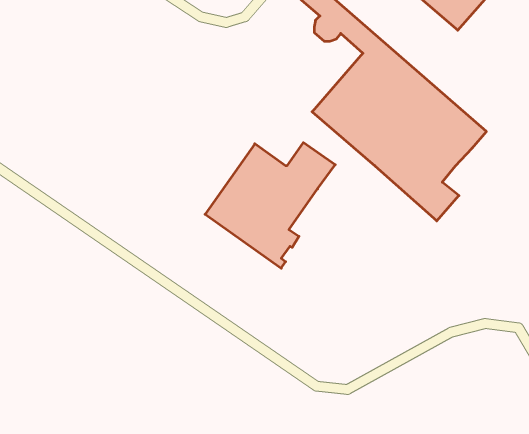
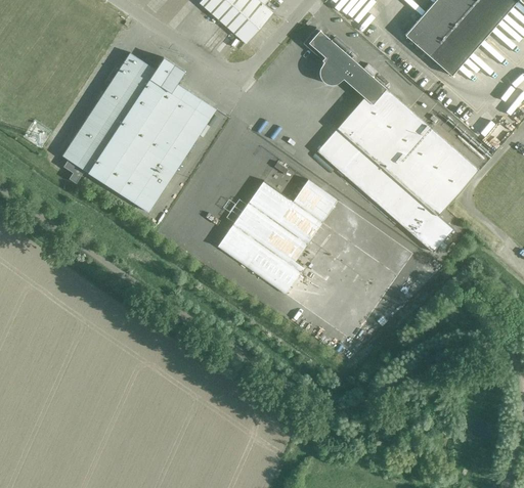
building: none -> [62,53,217,213]

